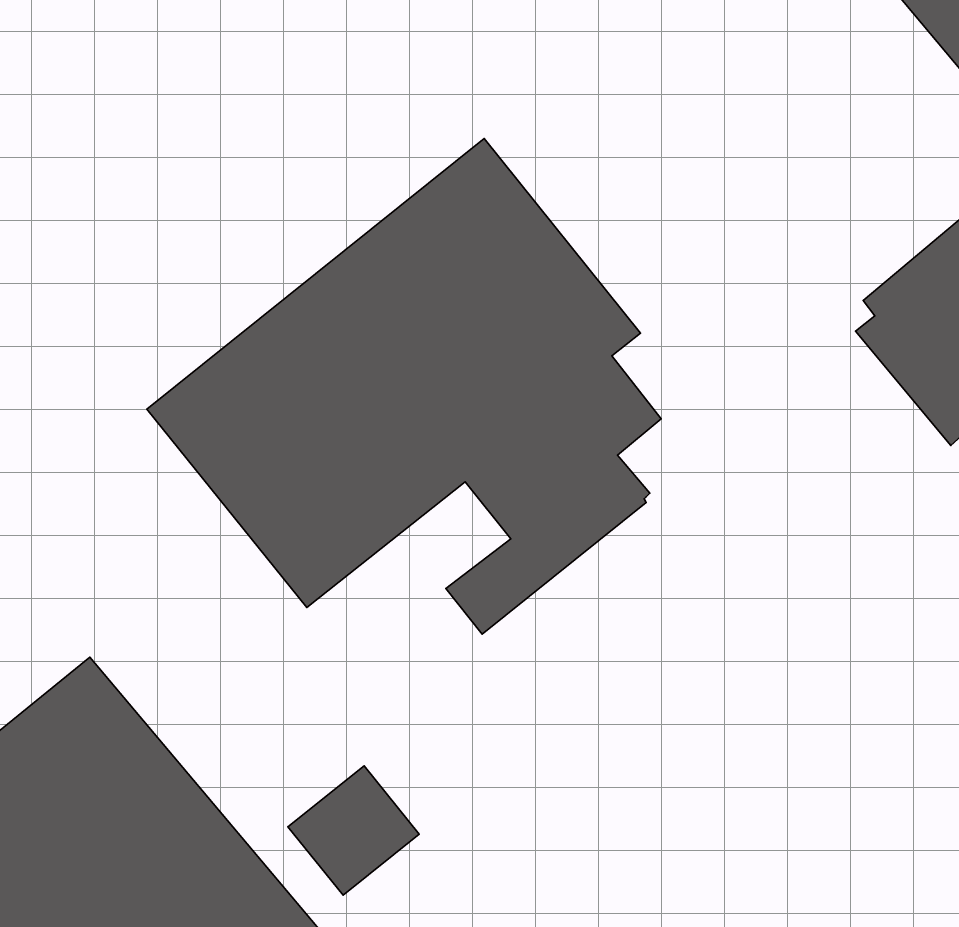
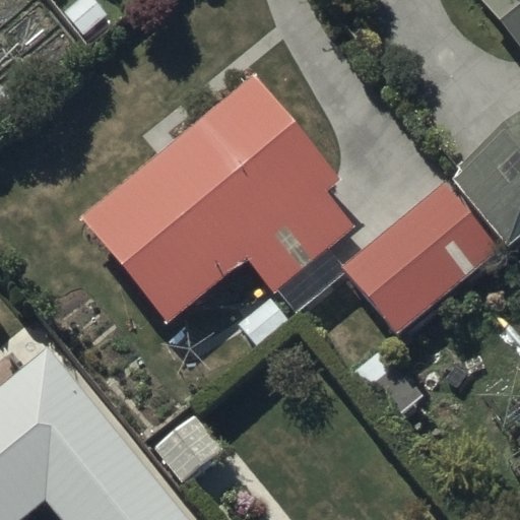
building: none -> [345,183,498,330]

